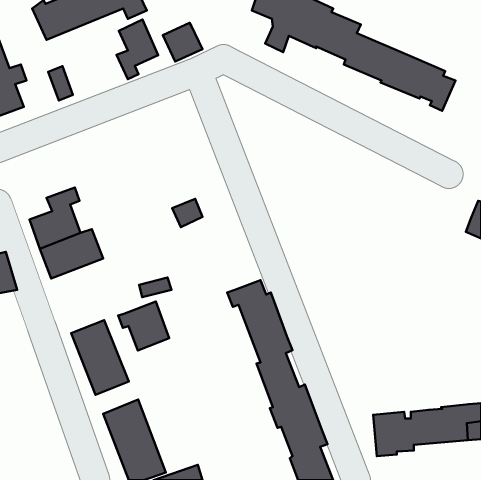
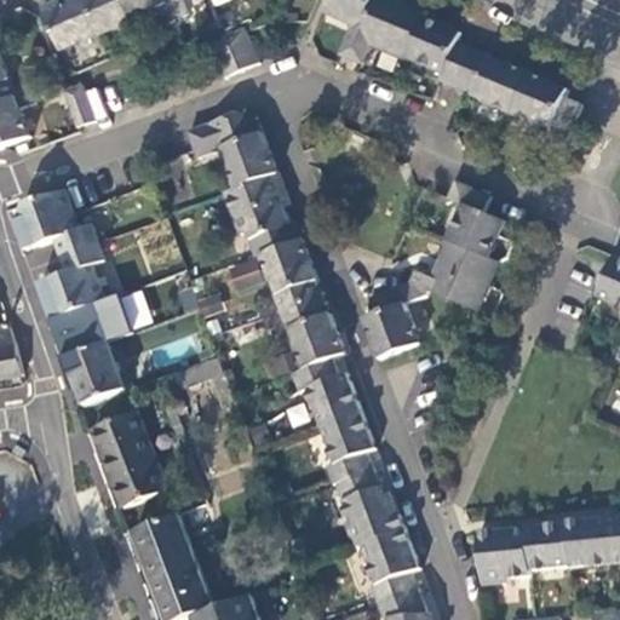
building: [116,19,158,79] -> none
building: none -> [186,110,346,371]
building: none -> [361,180,505,360]
building: none -> [15,189,96,253]
building: [118,301,169,351] -> [58,340,124,403]

